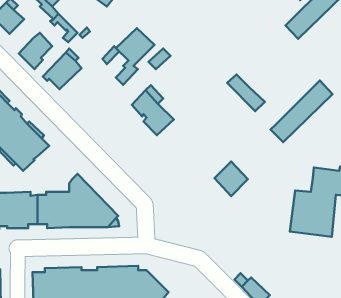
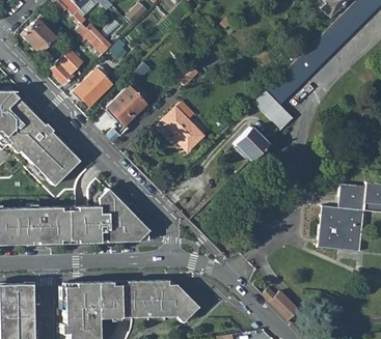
building: [116,28,155,85] -> [107,86,145,142]
building: [271,80,332,142] -> [266,41,327,103]
building: [214,162,248,196] -> [235,125,268,160]

